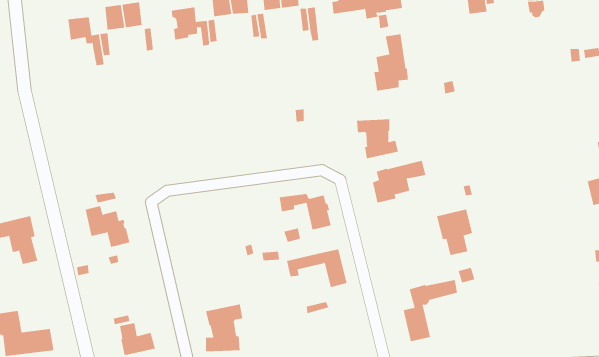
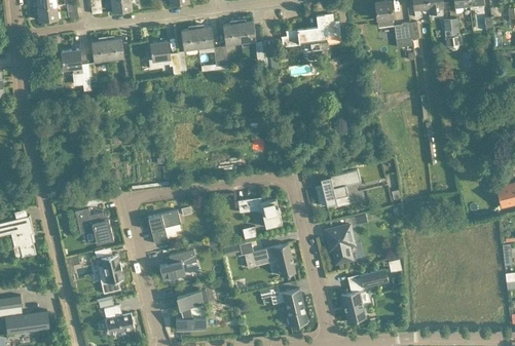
building: [374,33,408,91] -> none
building: [357,118,399,159] -> none
building: none -> [148,209,181,243]
building: [436,209,473,255] -> [325,224,356,263]
building: none -> [159,249,196,282]
building: none -> [99,254,123,283]
building: none -> [282,289,307,326]

